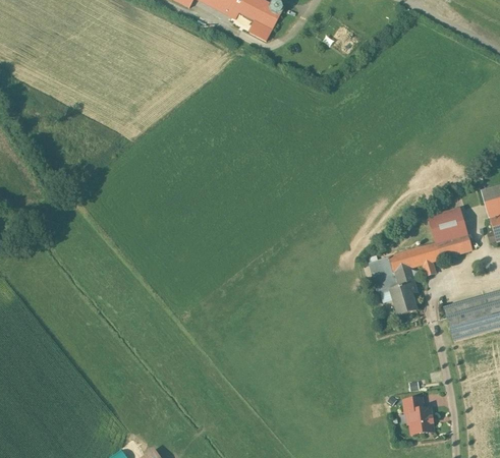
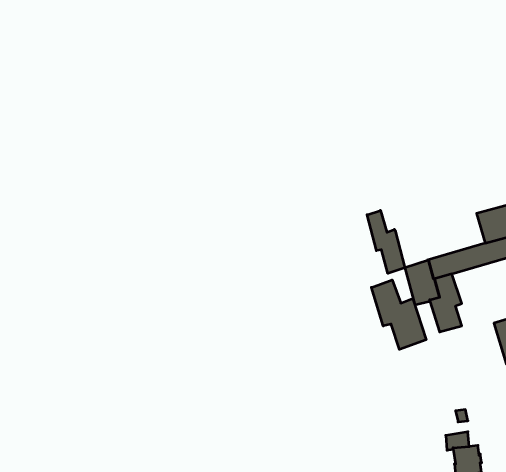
building: none -> [367,210,405,273]
building: none -> [371,280,426,349]

